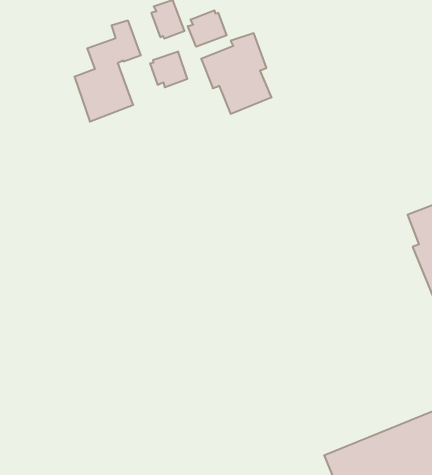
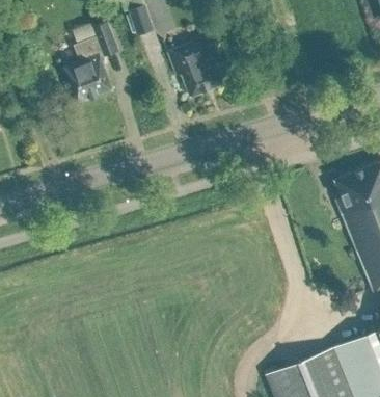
building: [188,10,227,47] -> none
building: [150,51,187,87] -> none

